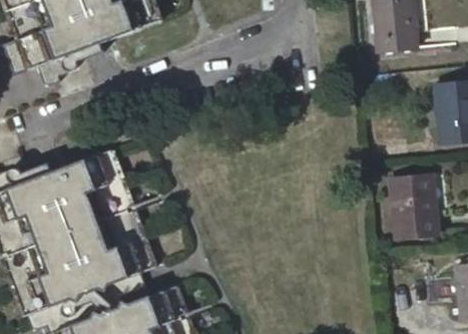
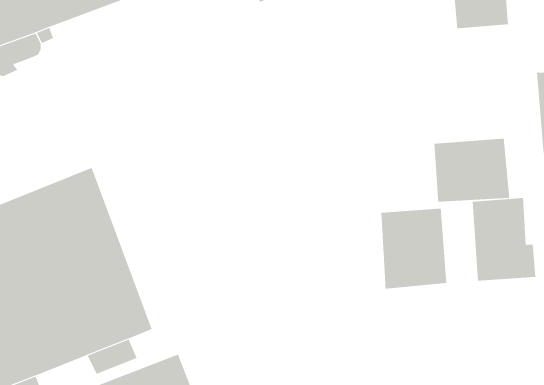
building: none -> [434,138,510,203]
building: none -> [381,208,447,289]

